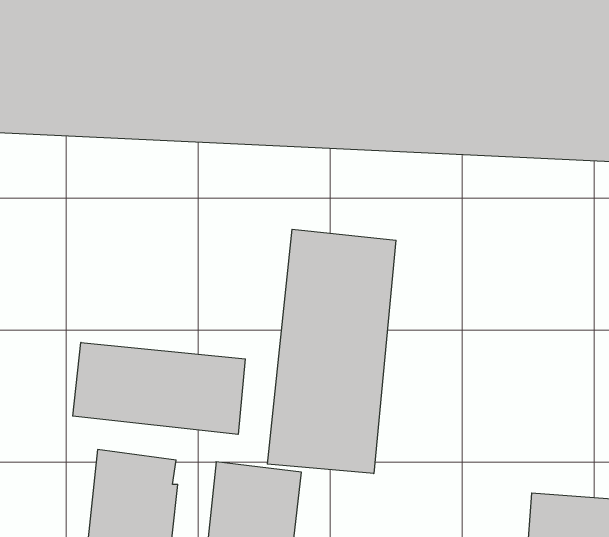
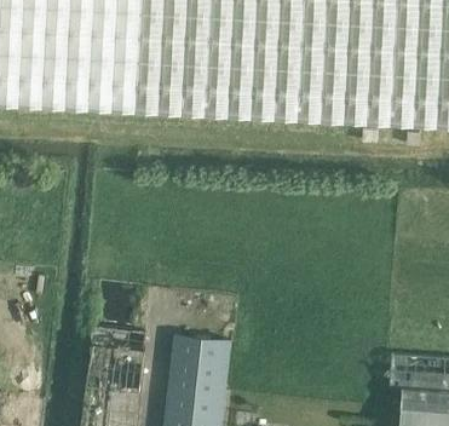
building: [267,229,396,474] -> none
building: [73,342,245,434] -> none

